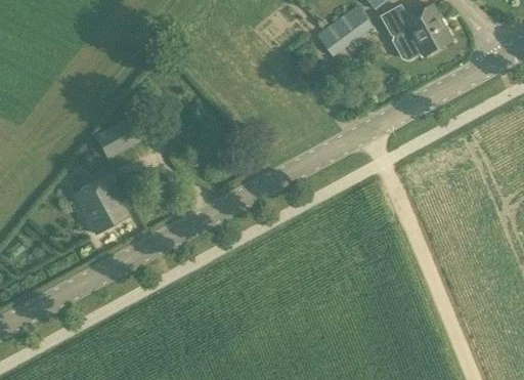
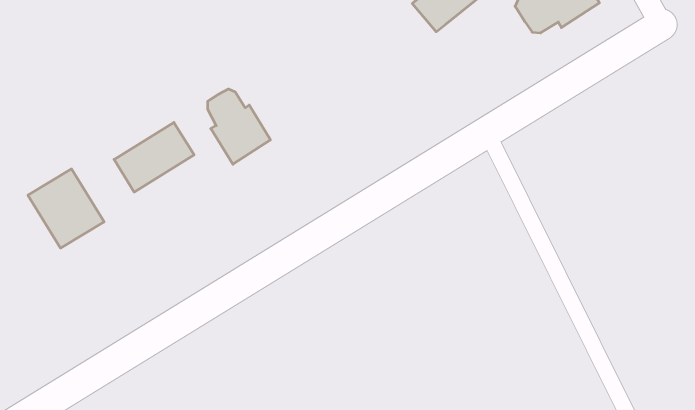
building: none -> [208,89,270,164]
building: [73,175,127,233] -> [28,169,104,248]

